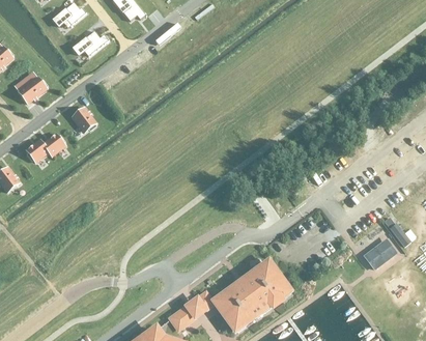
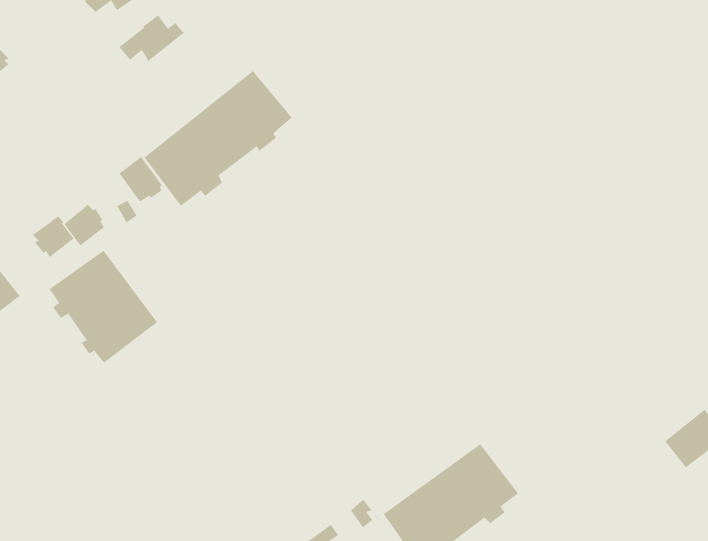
building: none -> [144,70,292,207]
building: [15,76,47,103] -> none
building: none -> [49,250,158,363]

